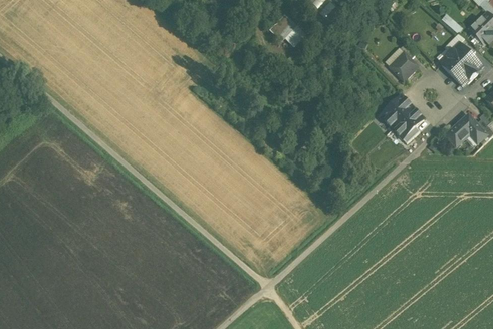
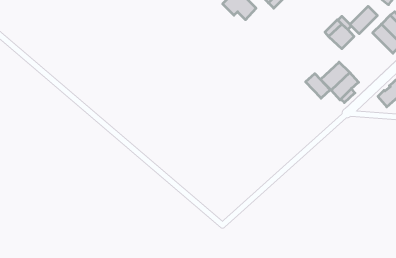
building: none -> [350,6,377,34]
building: none -> [306,74,330,98]

